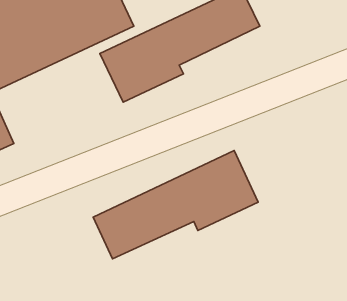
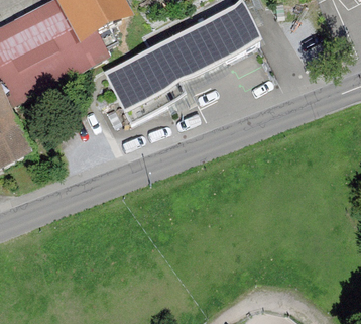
building: [93,151,258,259] -> none

